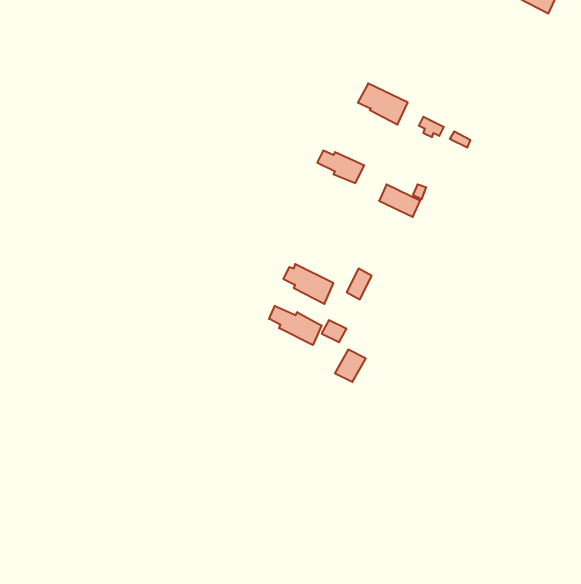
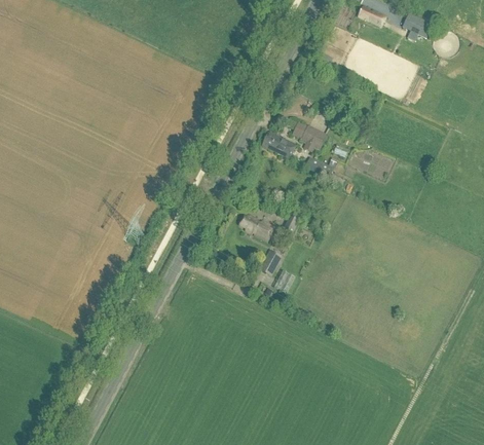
building: [358,83,408,125] -> [292,120,327,149]
building: [269,306,322,345] -> none

